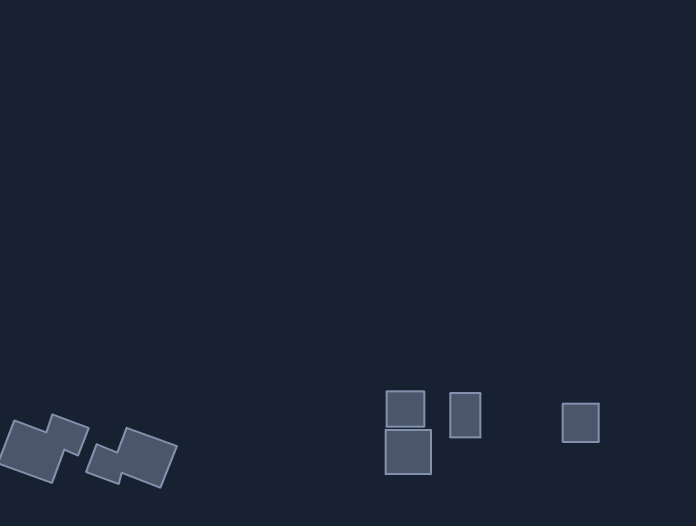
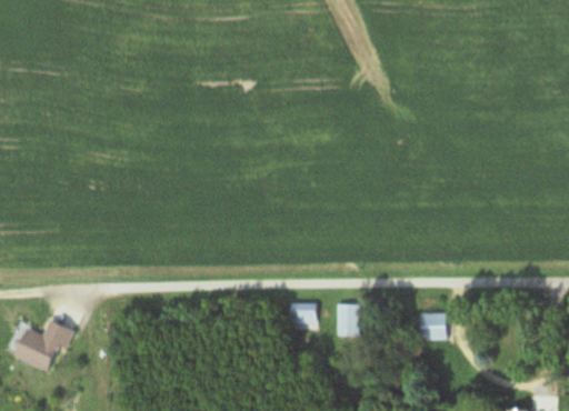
building: [86,428,177,488] -> none
building: [386,430,431,474] -> none

